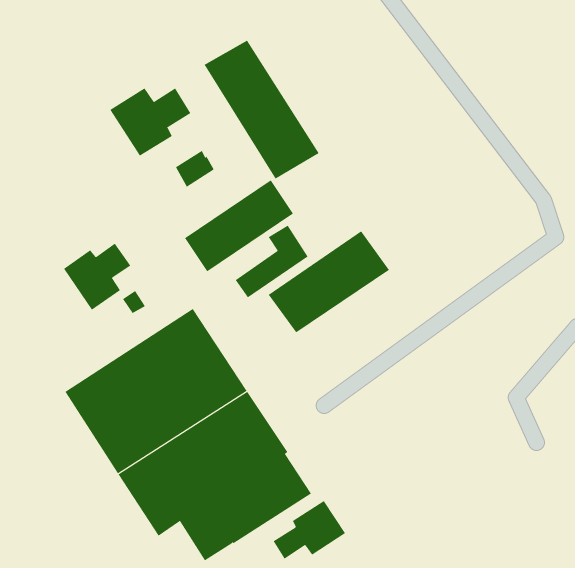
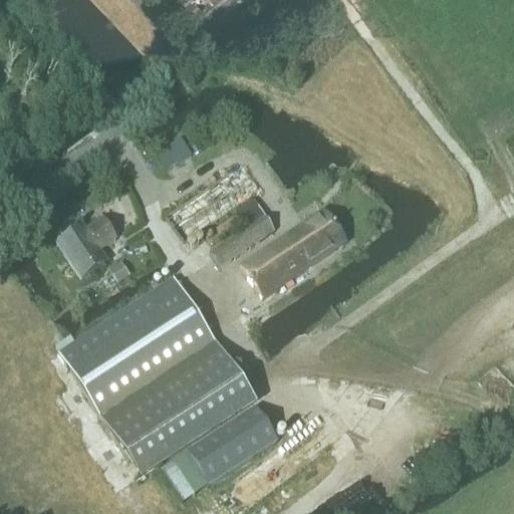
building: [204,40,319,180] -> none
building: [110,88,191,156] -> none
building: [273,500,346,559] -> none

